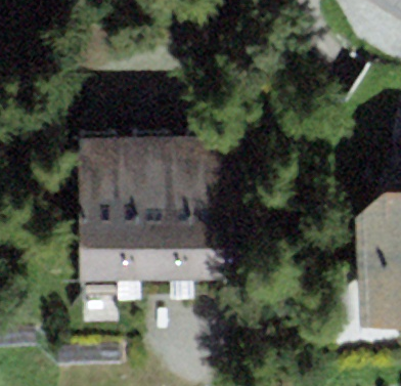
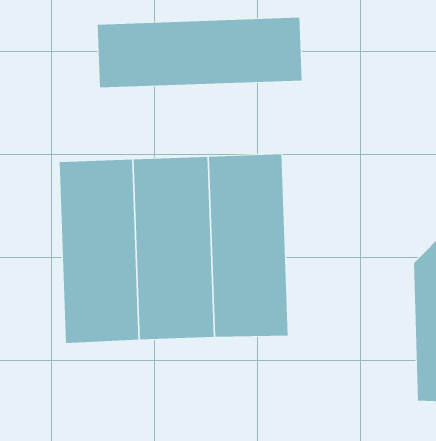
building: none -> [97,17,302,88]

